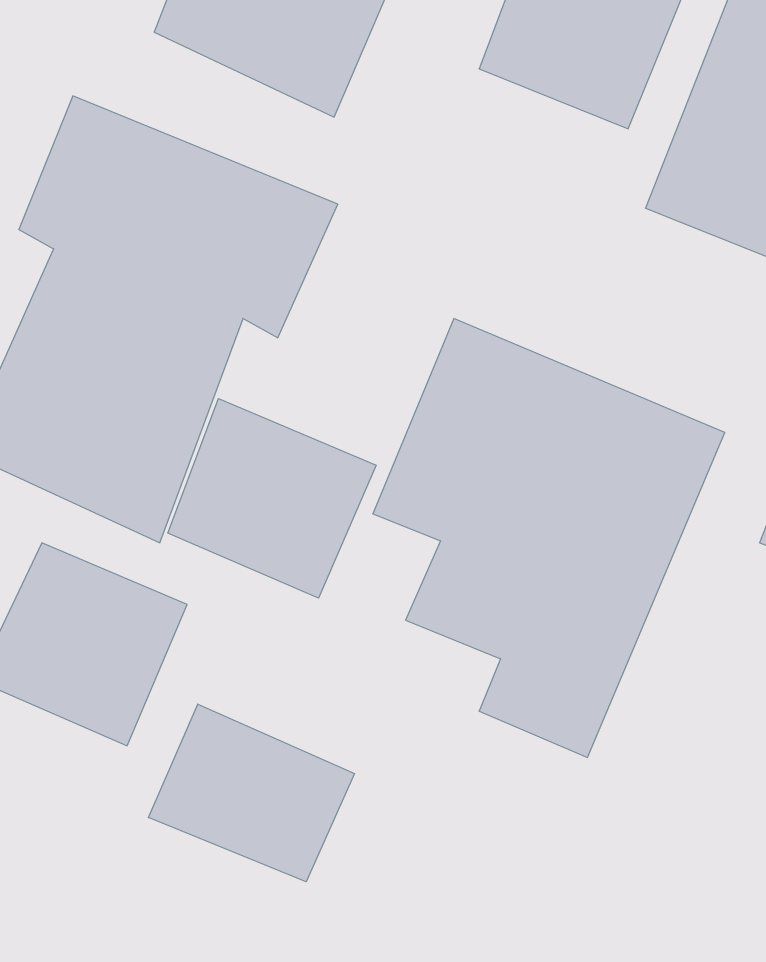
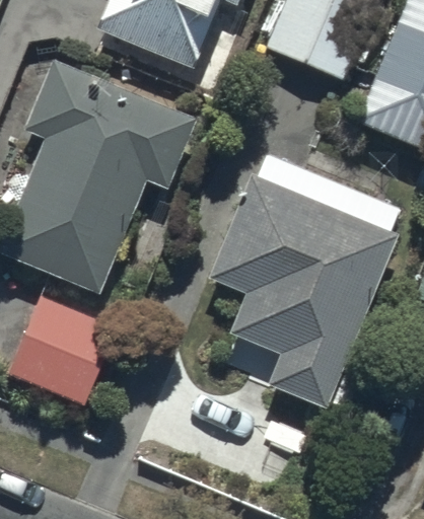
building: [168,399,376,598] -> none
building: [148,704,355,882] -> none

